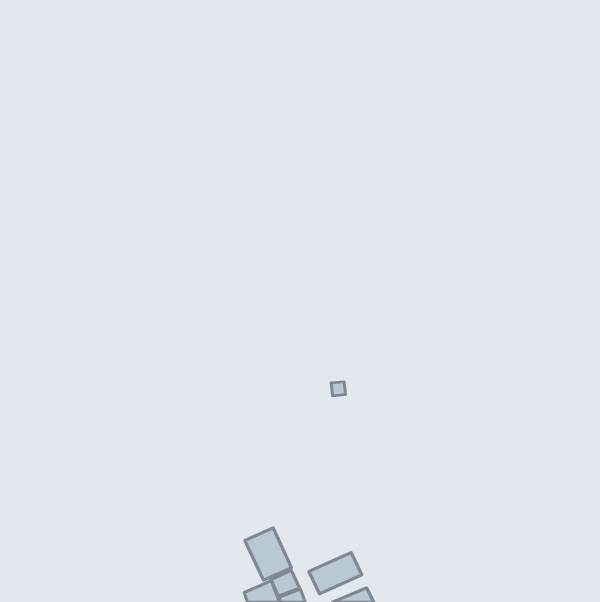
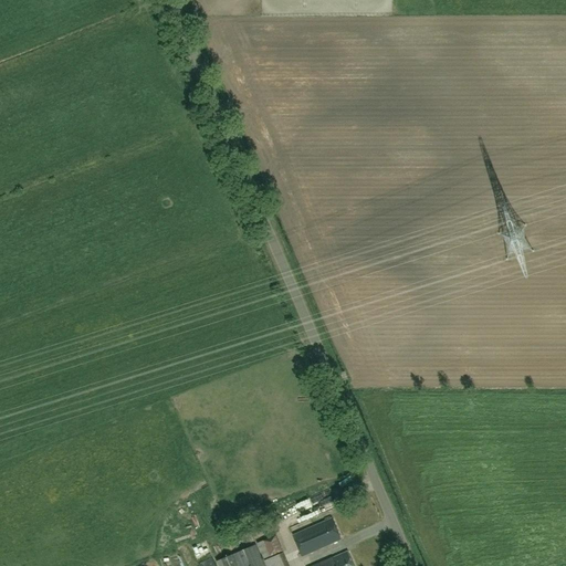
building: [245,528,292,580] -> none

